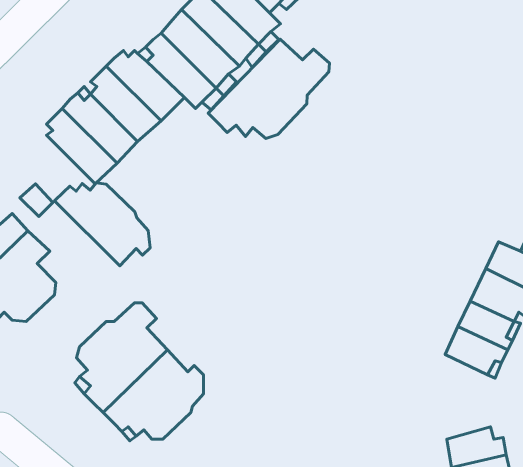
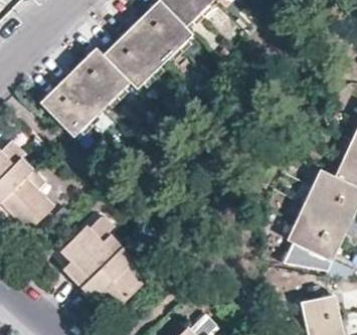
building: [208,39,329,139] -> none
building: [55,183,150,266] -> none

